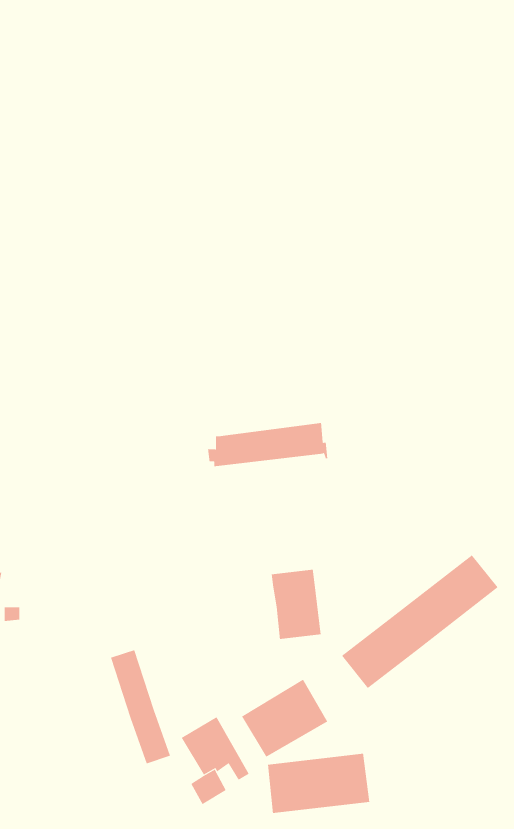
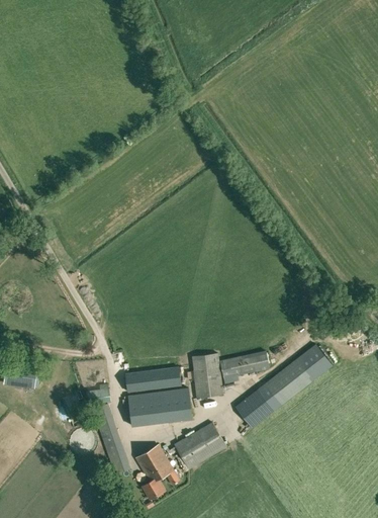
building: [207,423,328,467] -> [120,365,195,393]
building: none -> [219,352,269,383]
building: [267,753,370,814] -> [128,390,192,427]

